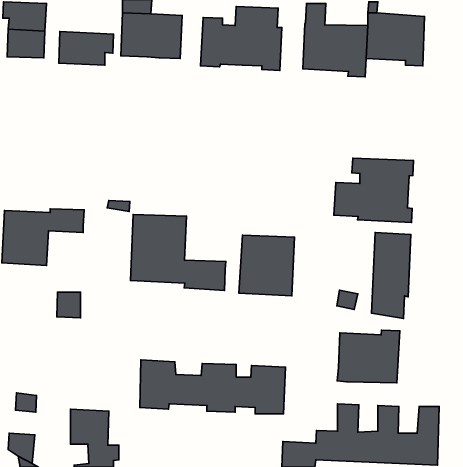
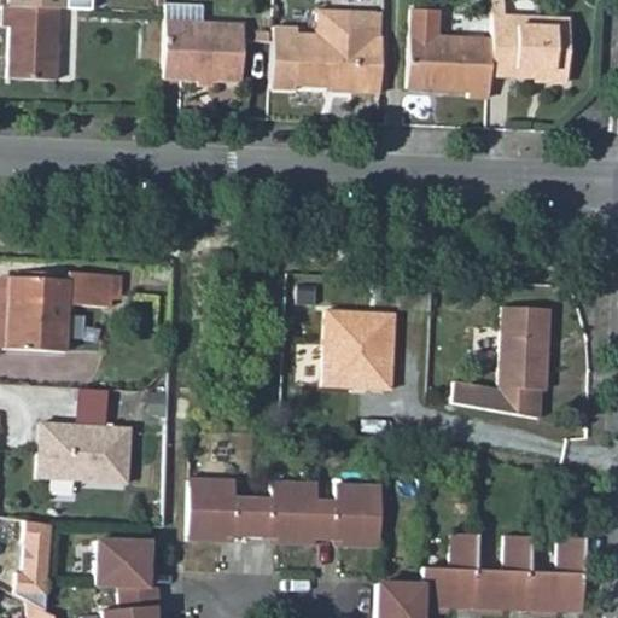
building: [59,31,113,65] -> none
building: [334,158,414,223] -> none
building: [130,215,226,290] -> none
building: none -> [41,421,134,482]
building: [337,330,400,383] -> none

